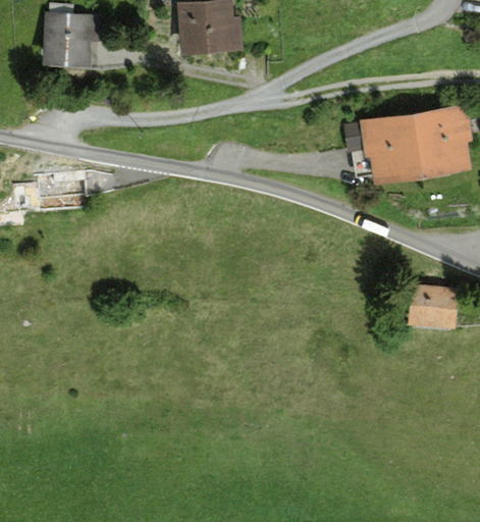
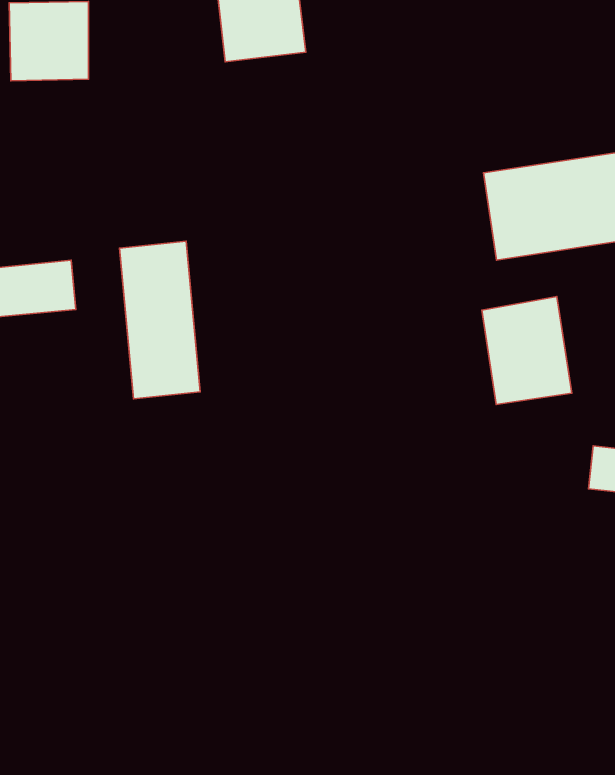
building: none -> [119,241,200,399]
building: none -> [482,297,572,405]

